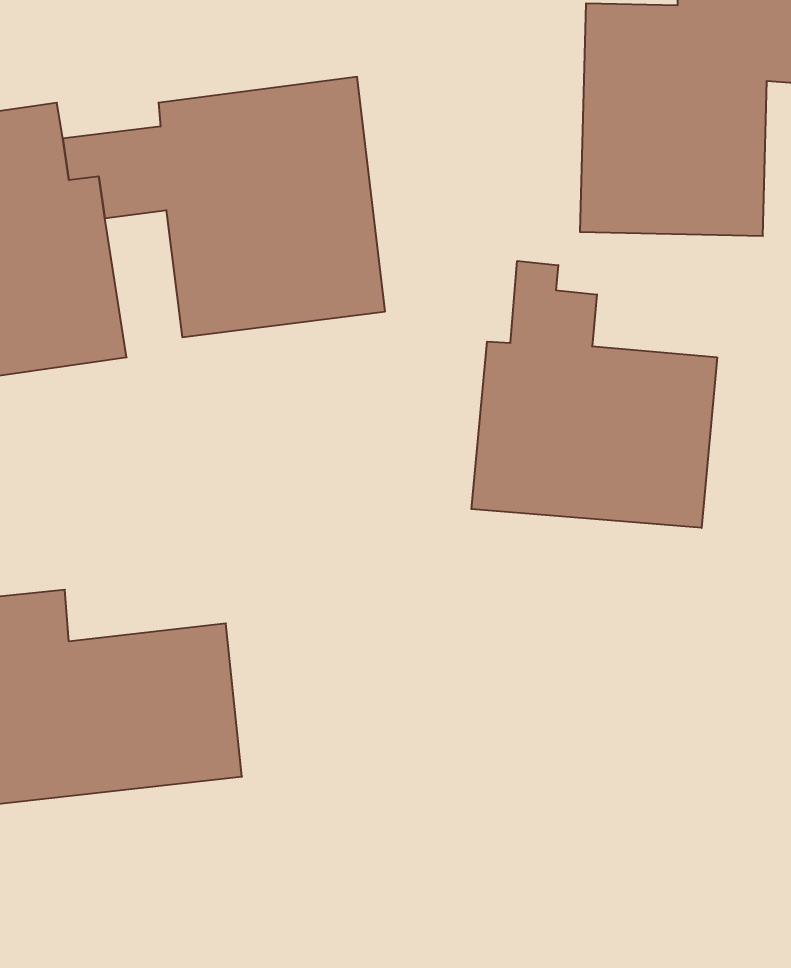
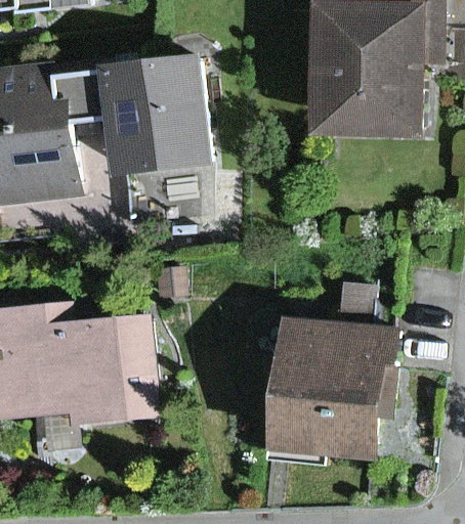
building: [471,261,717,528] -> none
building: none -> [264,332,386,466]

